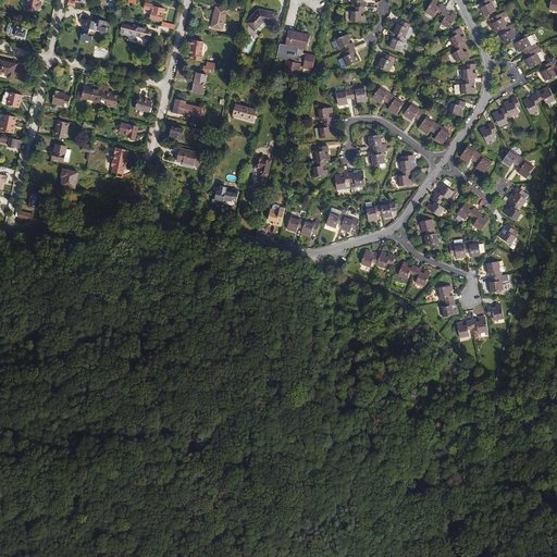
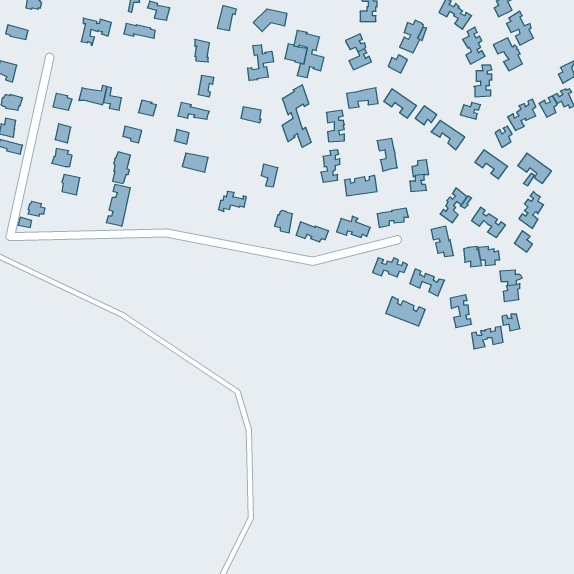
building: [512,36,541,67] -> [493,38,522,71]
building: none -> [248,45,273,81]
building: none -> [282,85,311,147]
building: none -> [107,184,130,226]
building: none -> [386,297,425,326]

